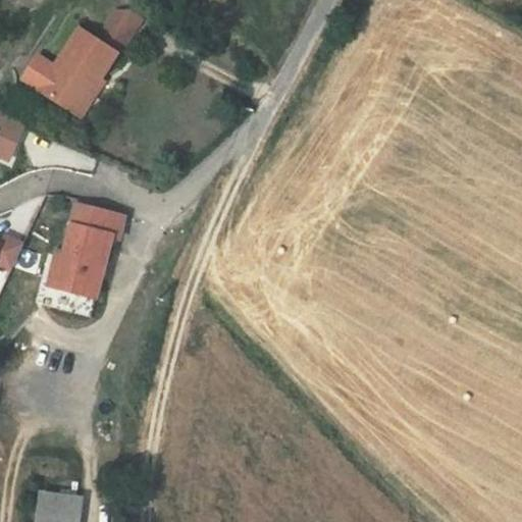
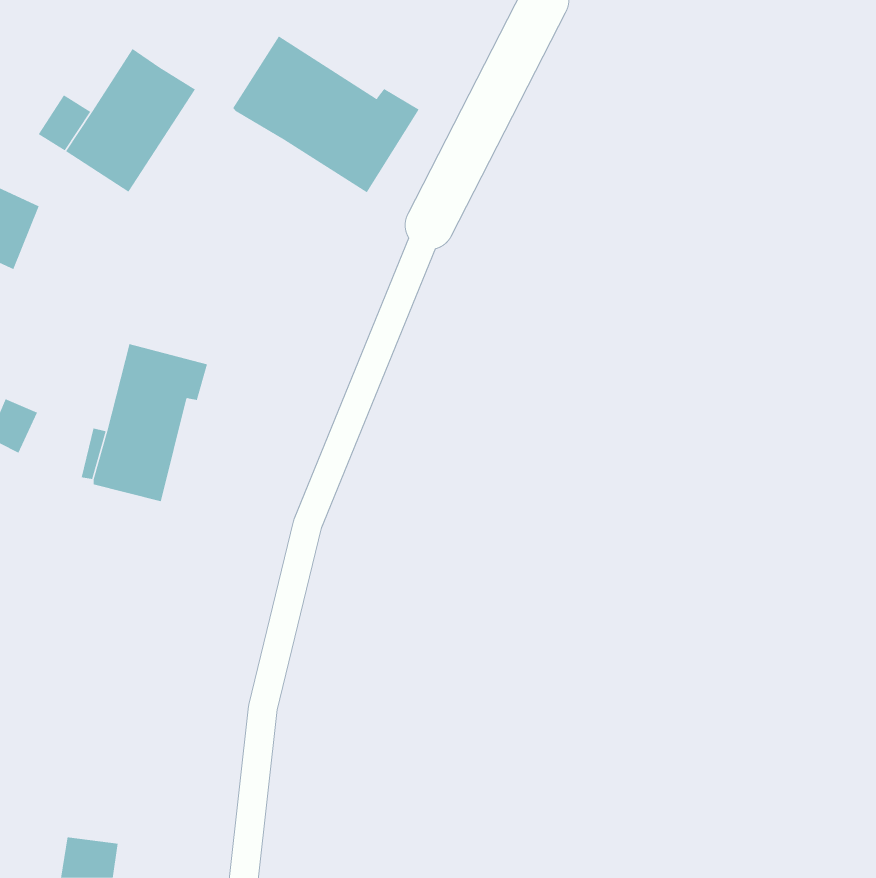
building: [95,9,136,53] -> none
building: none -> [232,35,420,193]

